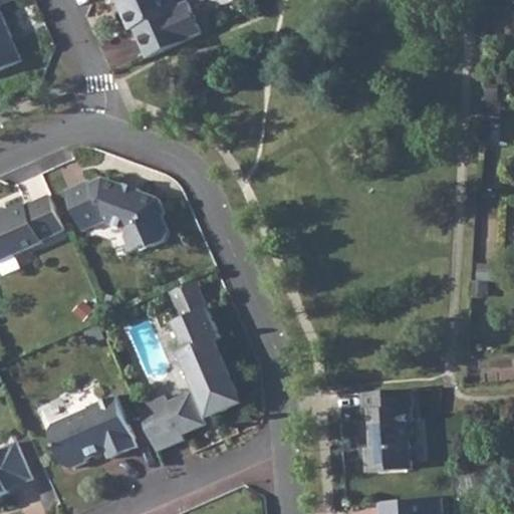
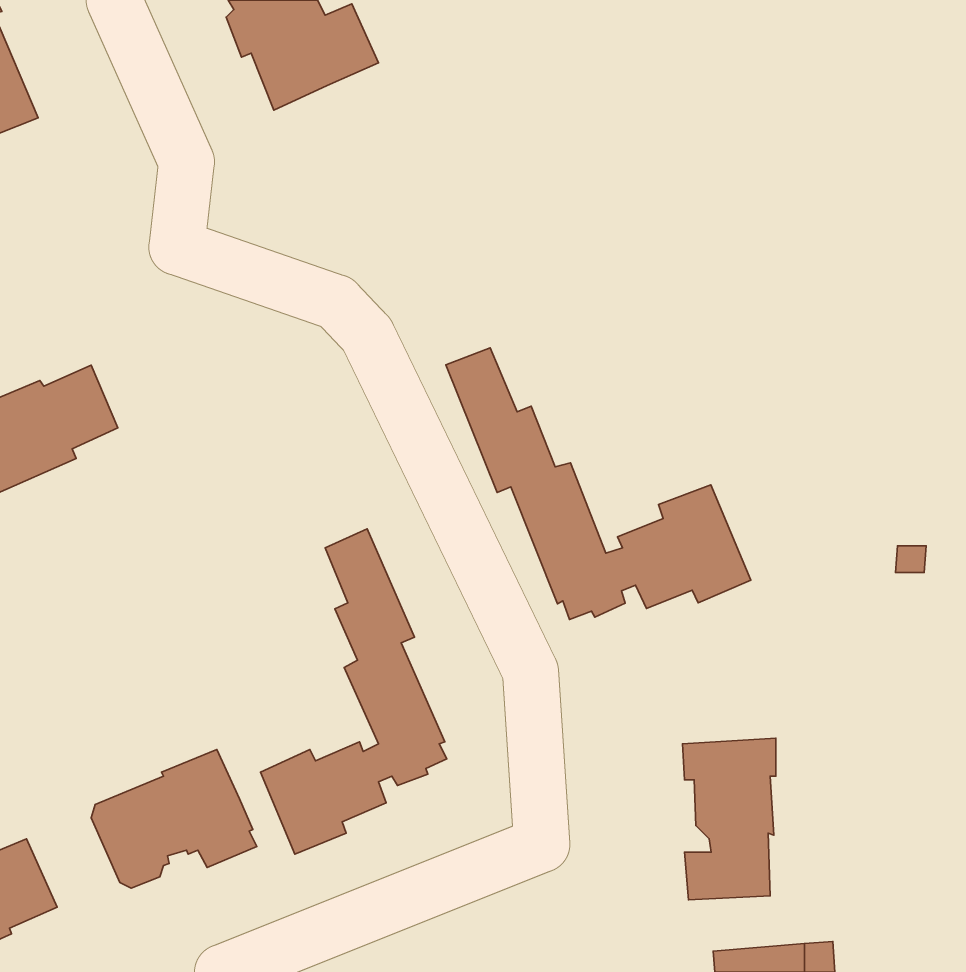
building: [63,177,169,252] -> none
building: none -> [446,348,751,619]

